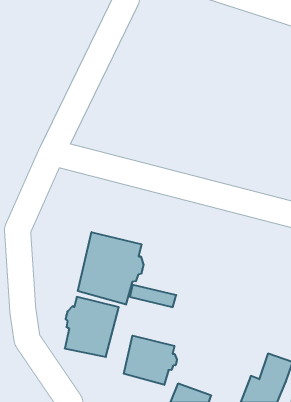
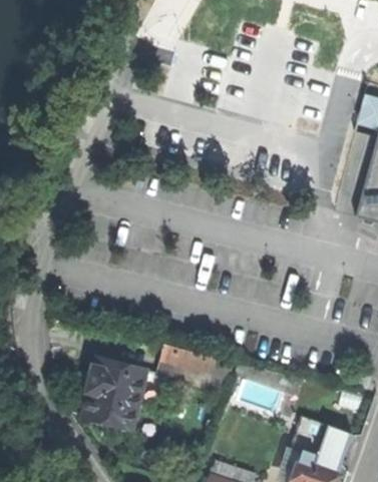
building: [78,232,143,305] -> none
building: [124,336,177,385] -> none

